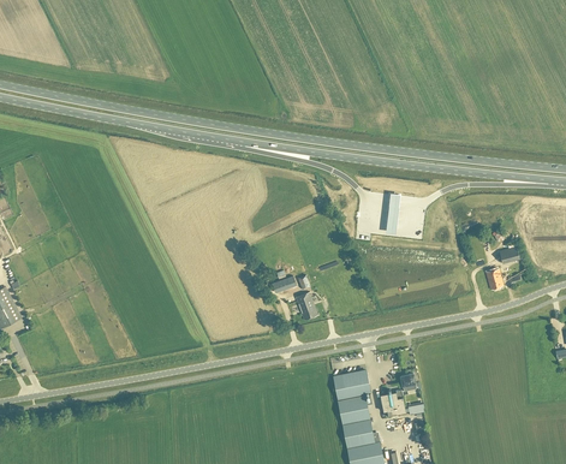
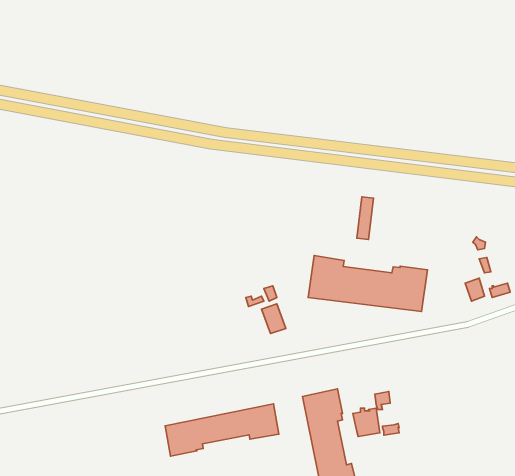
building: none -> [308,256,427,312]
building: none -> [165,404,279,456]

